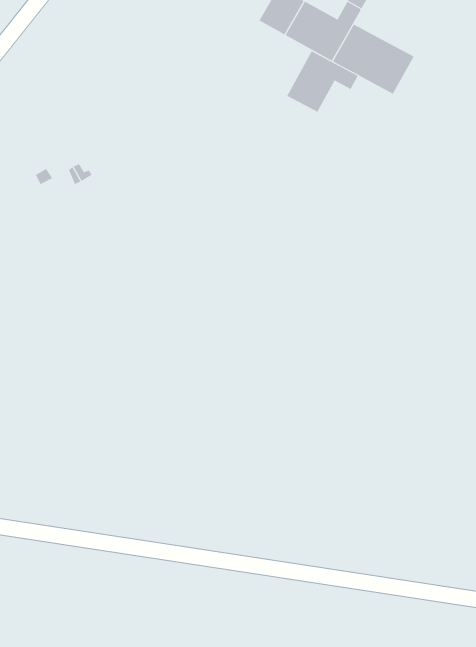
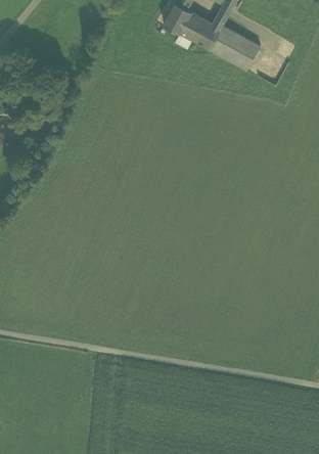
building: [287,51,358,112] -> none

